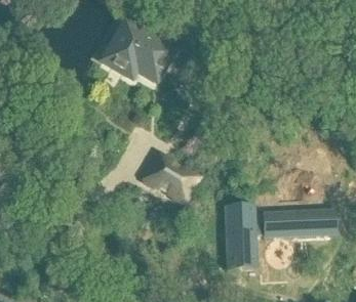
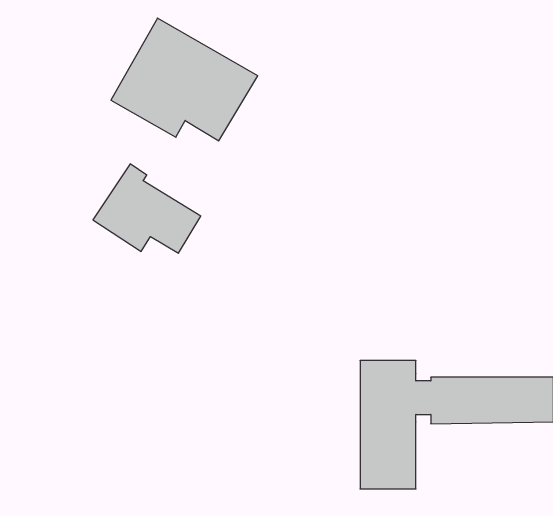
building: [140,147,199,197] -> [93,164,201,253]

